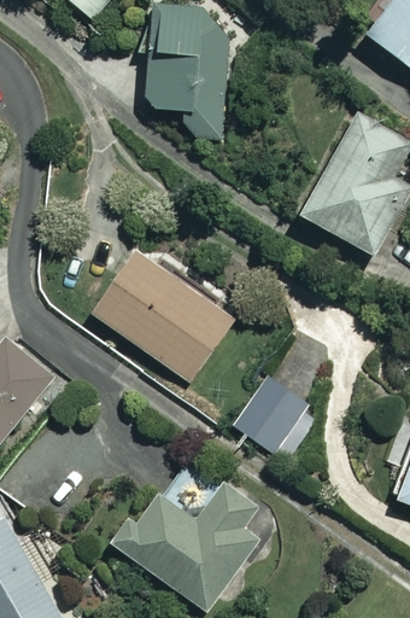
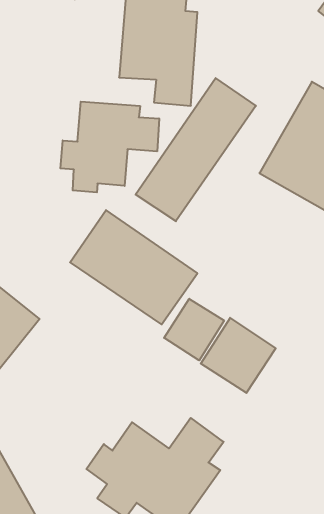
building: none -> [136,78,256,221]
building: none -> [60,102,159,192]
building: none -> [164,299,224,360]

